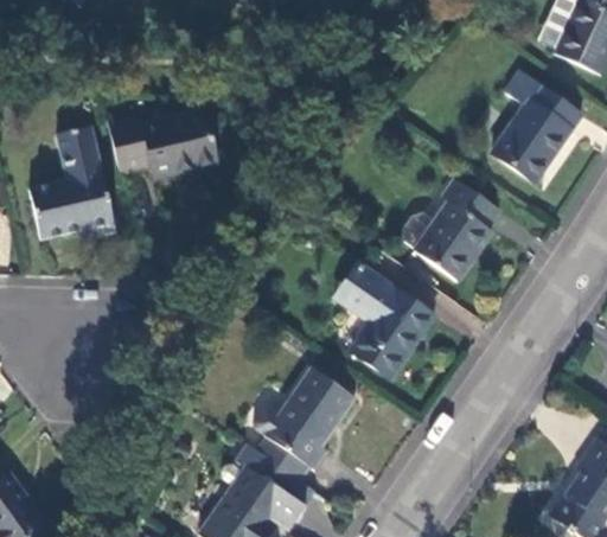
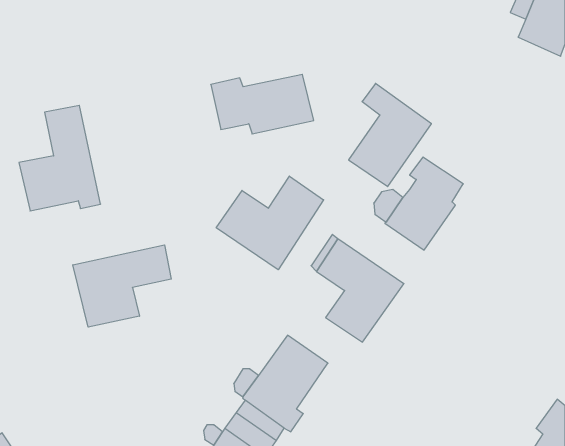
building: [492,73,580,183] -> [349,83,431,187]
building: [109,115,218,178] -> [211,74,314,134]
building: none -> [216,176,324,270]
building: none -> [73,245,171,327]

